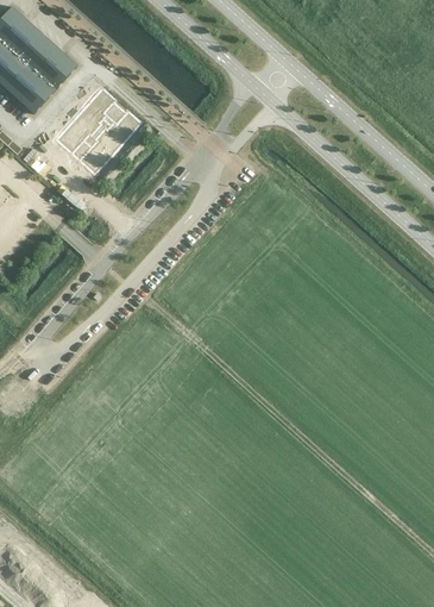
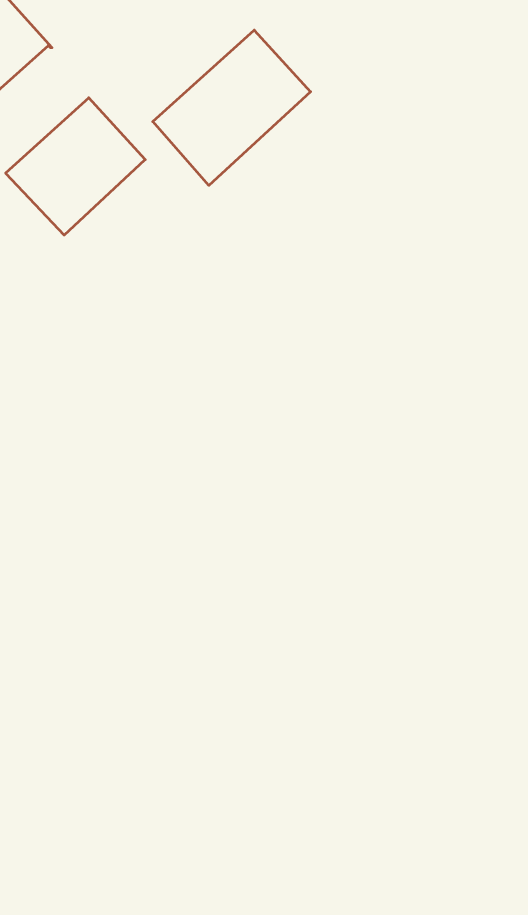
building: none -> [153,30,311,185]

